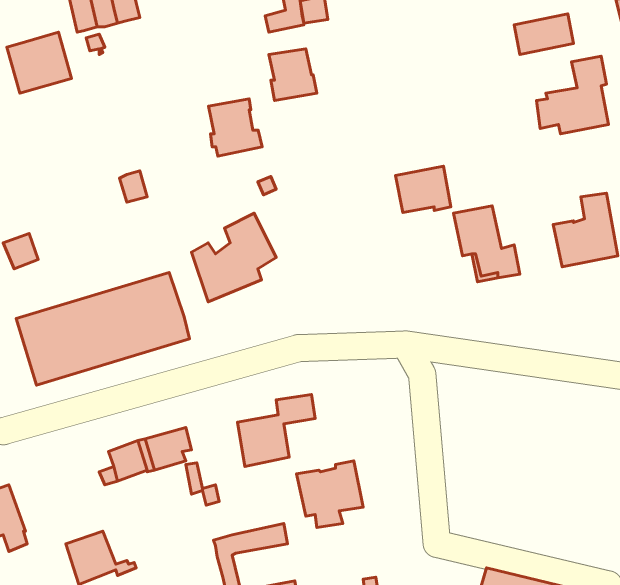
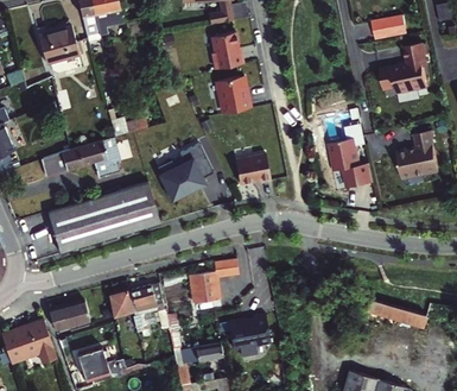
building: [208,99,262,156] -> [217,77,252,114]
building: [395,166,451,212] -> [241,153,277,183]
building: none -> [62,140,121,176]
building: none -> [364,298,426,330]
building: none -> [50,302,90,333]

